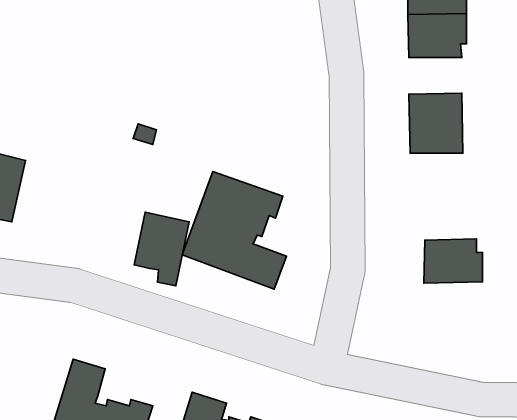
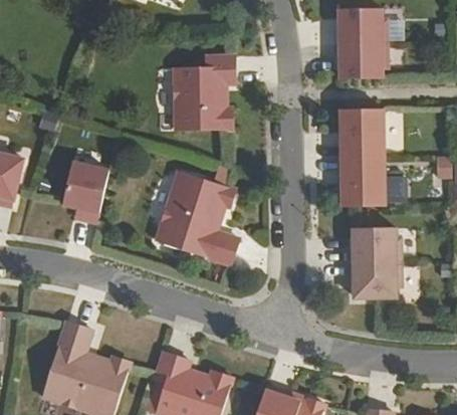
building: none -> [175,56,236,130]
building: none -> [341,156,386,206]
building: [134,212,189,286] -> [63,161,108,221]
building: none -> [351,261,401,296]

